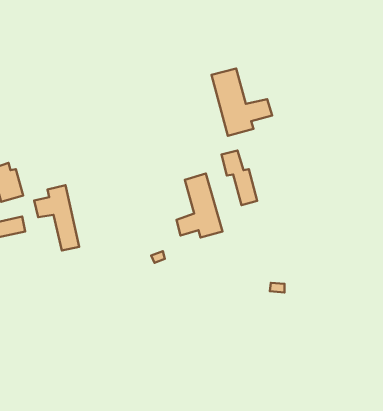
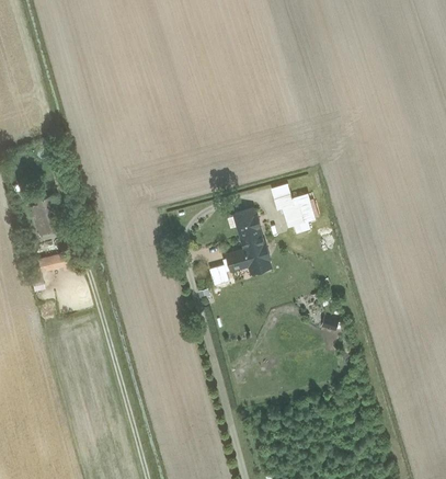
building: [211,69,272,136] -> none
building: [34,185,79,250] -> none

